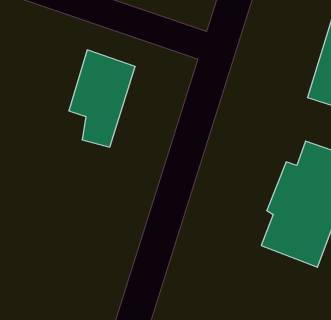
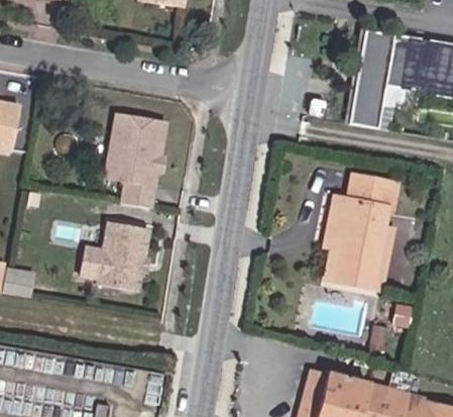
building: none -> [82,222,149,289]

